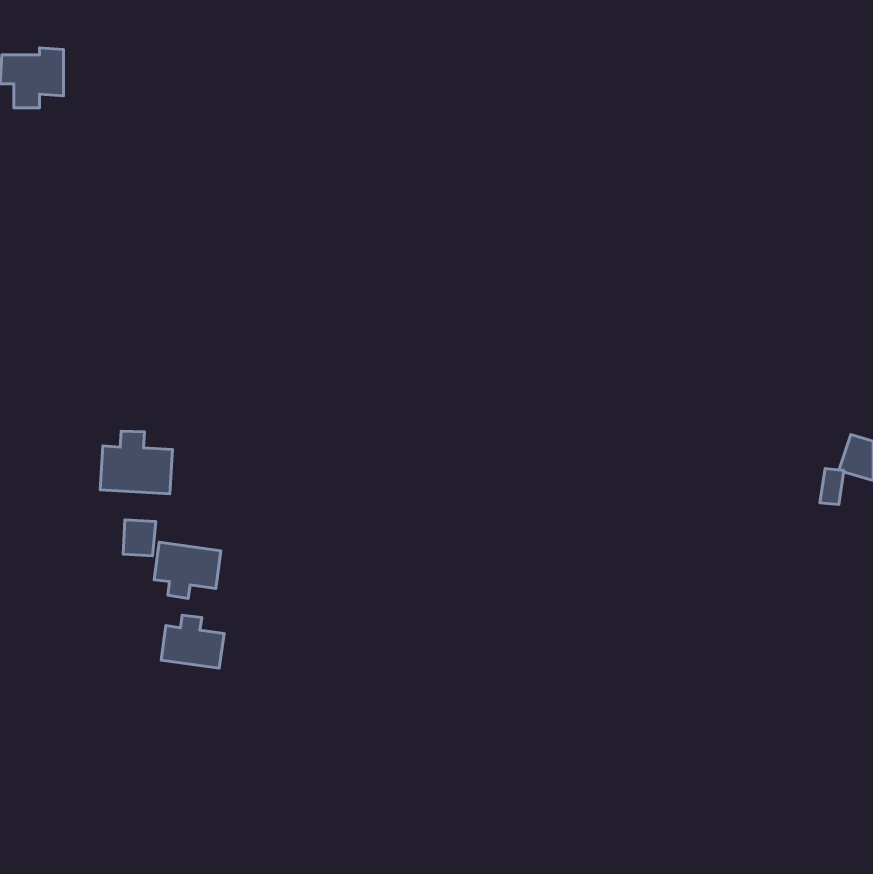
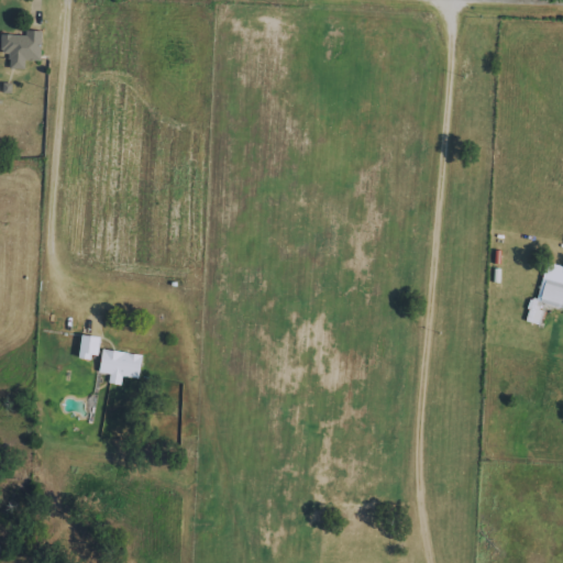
building: [100,431,172,494] -> none
building: [161,615,224,668] -> none

